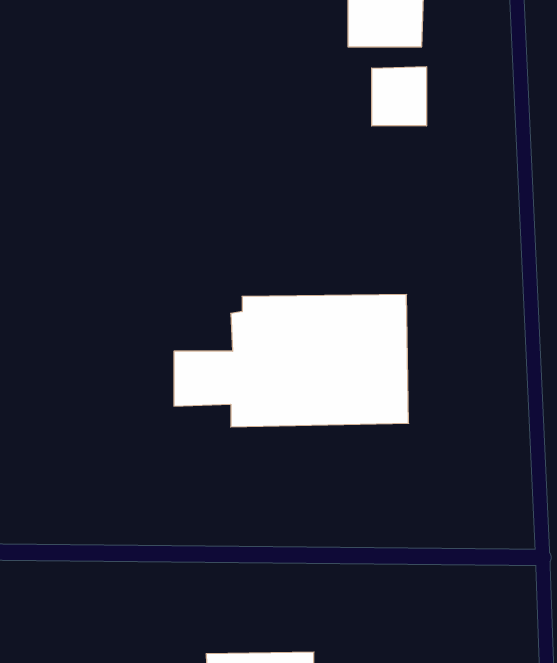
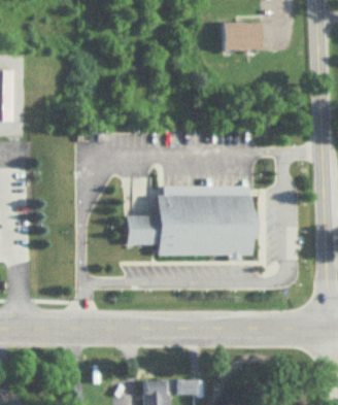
building: [372,67,426,126] -> none

